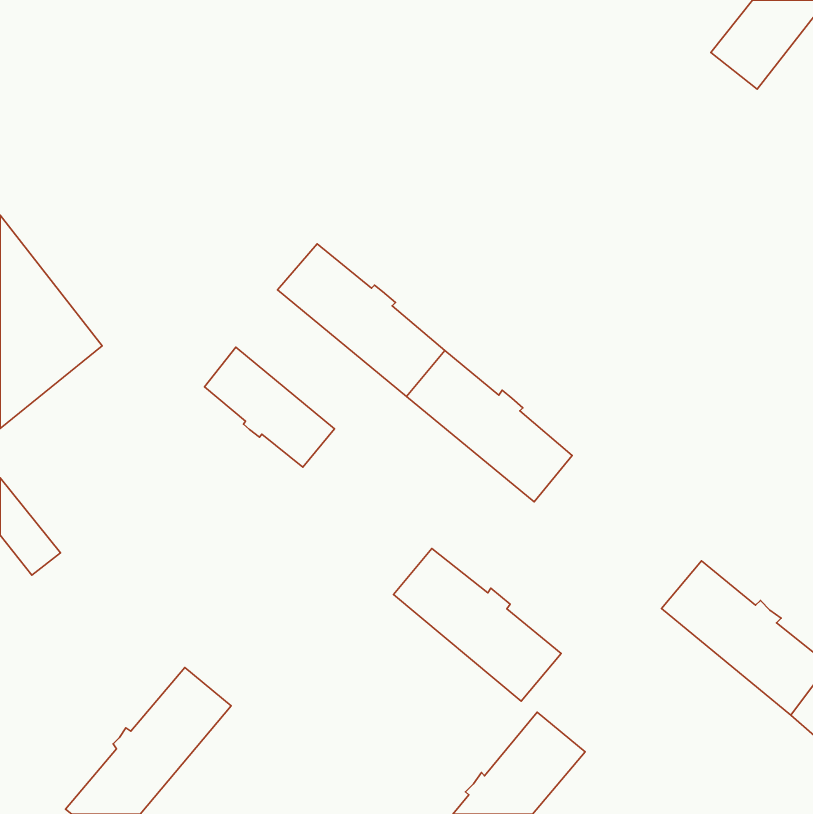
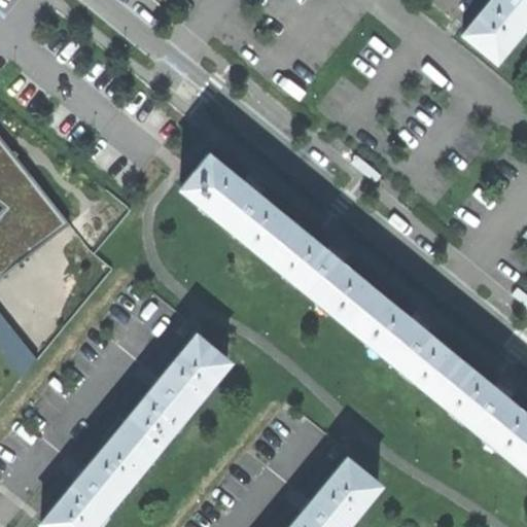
building: [204,347,335,467] -> none
building: none -> [120,338,227,456]
building: [394,548,561,701] -> [346,294,454,393]

